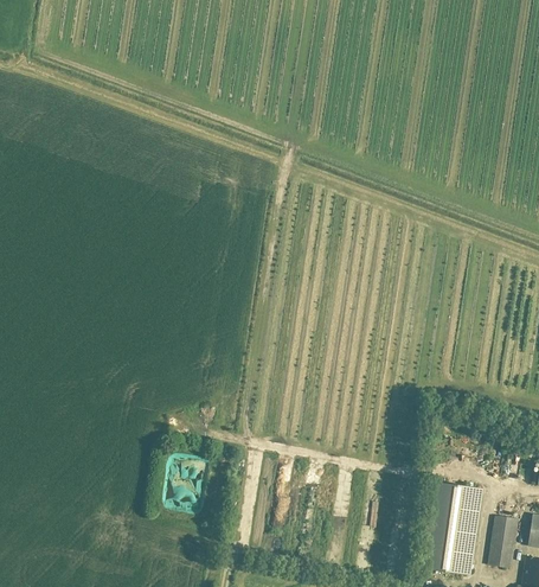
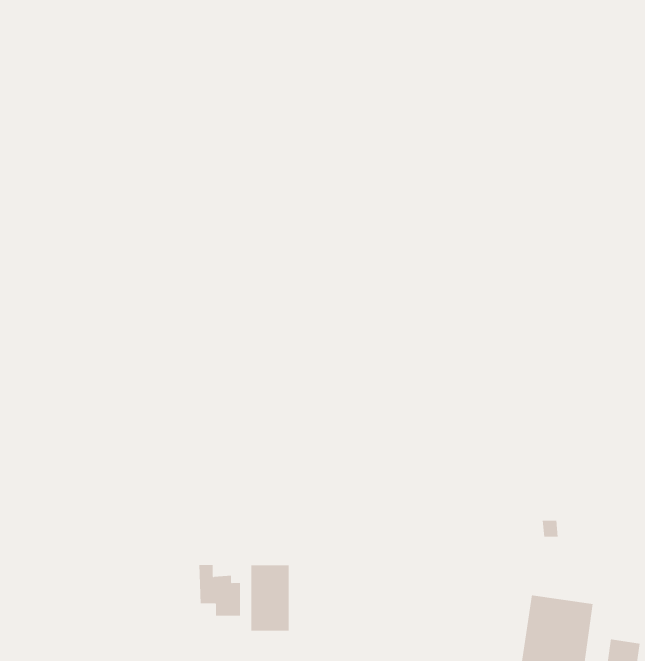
building: none -> [251,564,289,632]

